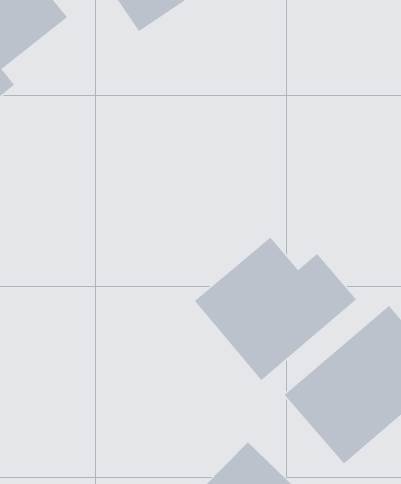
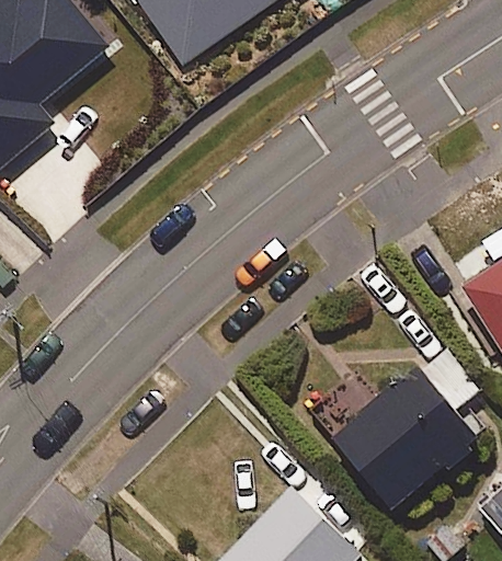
building: [194,237,357,381] -> none

